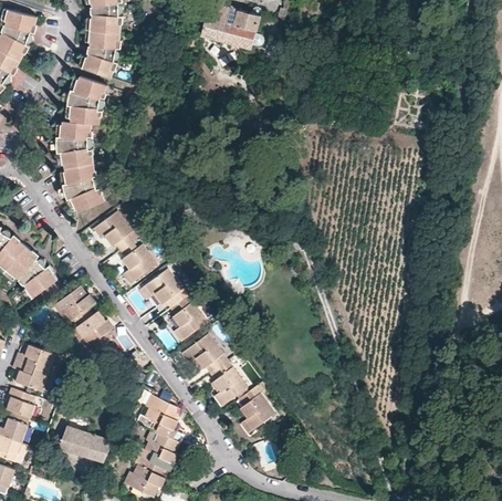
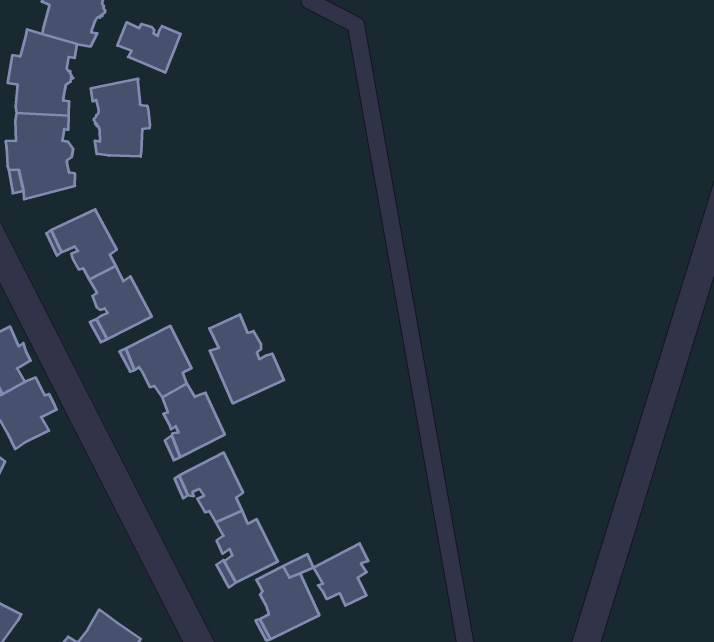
building: none -> [117,22,181,73]
building: none -> [91,79,150,157]
building: none -> [209,314,284,403]
building: none -> [313,543,368,606]
building: [147,396,180,437] -> none

